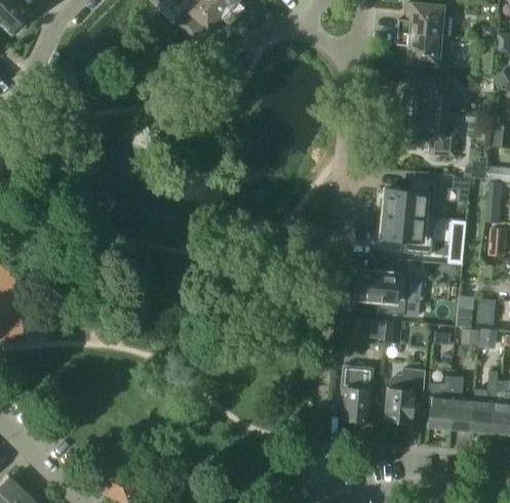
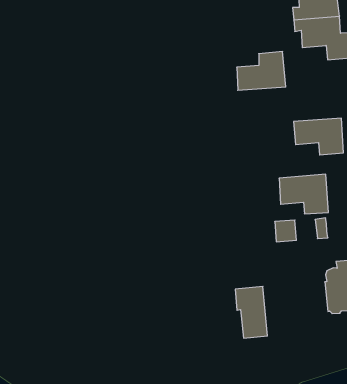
building: [383,178,437,218] -> [237,52,286,90]
building: [341,366,372,421] -> [235,286,267,338]

